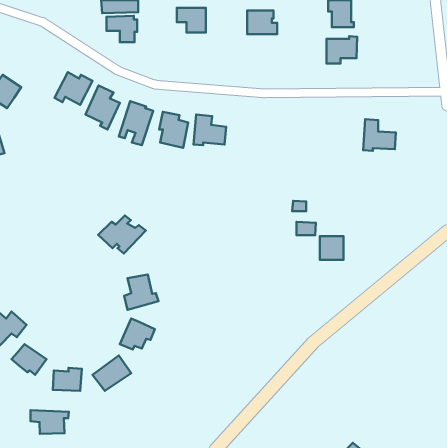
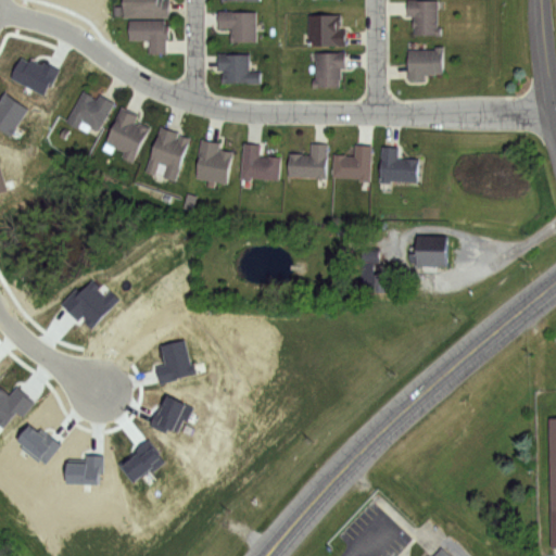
building: none -> [308,52,343,88]
building: none -> [219,54,261,85]
building: none -> [8,58,58,96]
building: none -> [288,146,326,179]
building: none -> [331,146,371,184]
building: [363,119,396,151] -> [379,147,419,186]
building: [98,216,146,253] -> [59,281,117,328]
building: [320,236,344,260] -> [419,238,448,267]
building: [30,410,69,434] -> none

